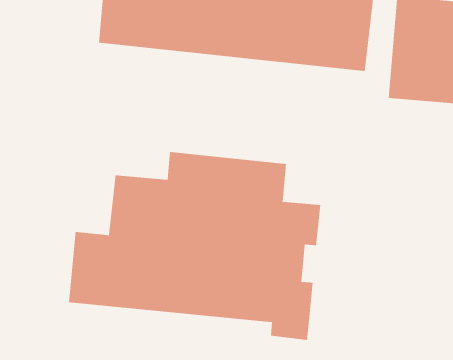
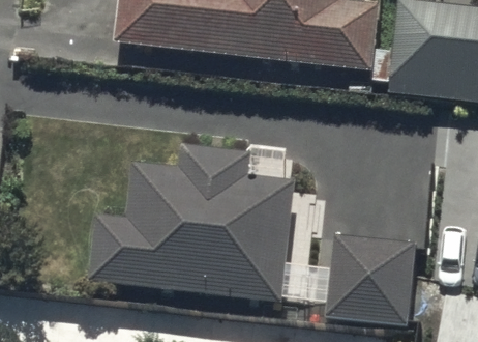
building: none -> [327,231,409,324]

